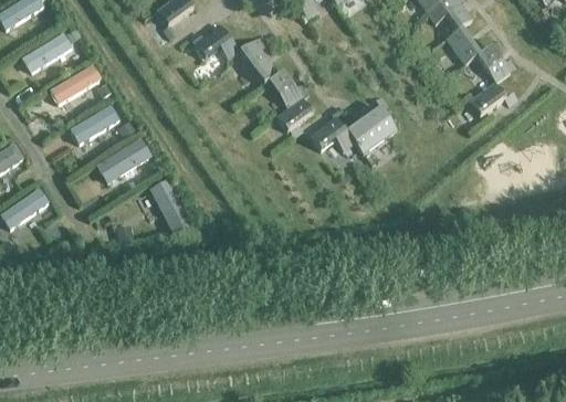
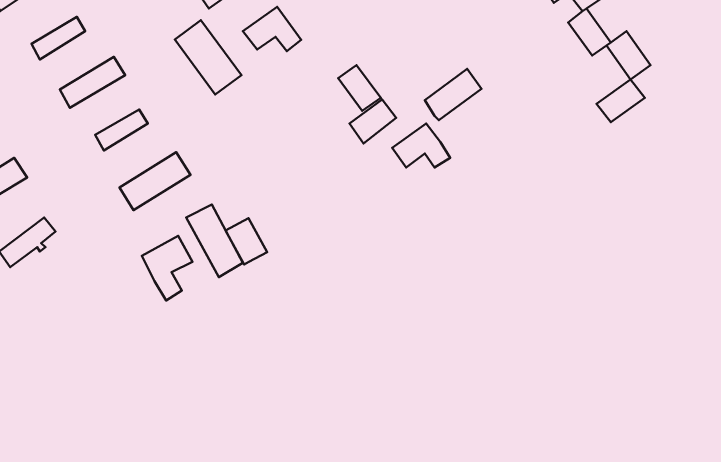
building: none -> [175,20,241,94]
building: [238,40,277,85] -> none
building: [346,106,390,146] -> [425,69,482,120]
building: none -> [226,218,267,264]
building: none -> [142,236,192,300]

